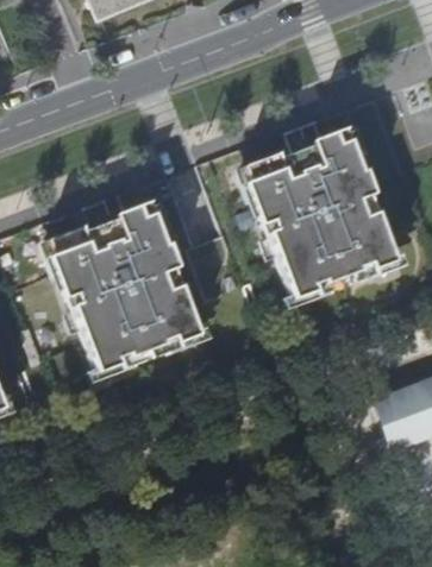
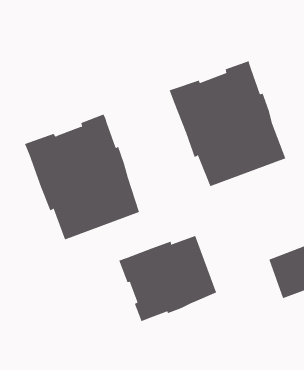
building: none -> [118,235,217,322]

